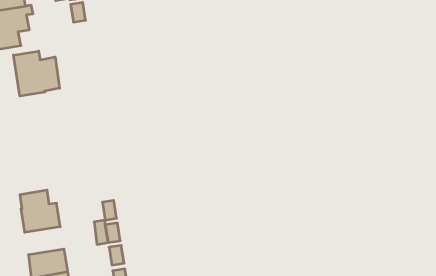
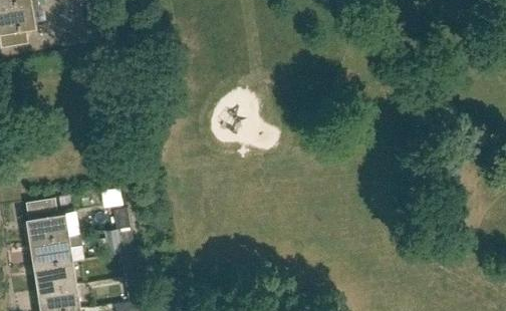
building: [13,51,60,96] -> none
building: none -> [31,242,83,274]

